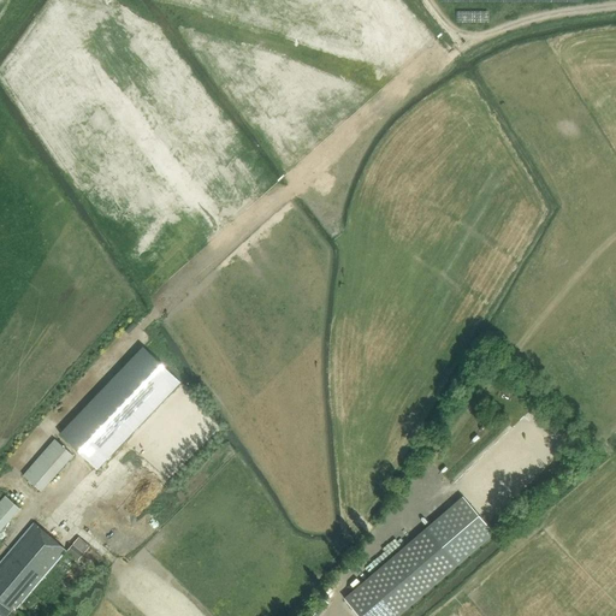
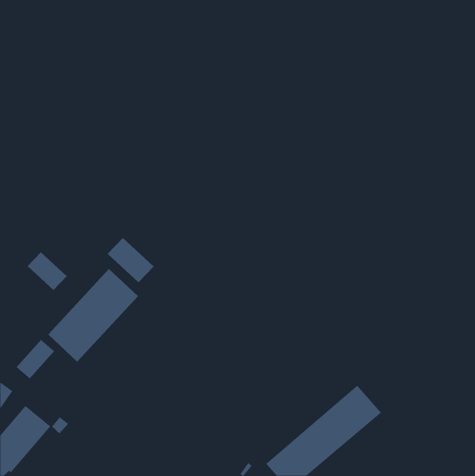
building: none -> [107,237,155,283]
building: none -> [27,252,67,291]

